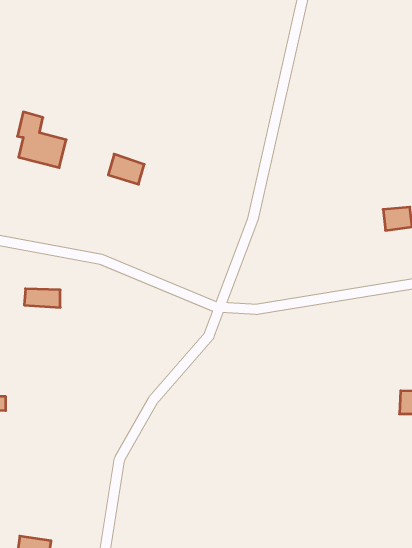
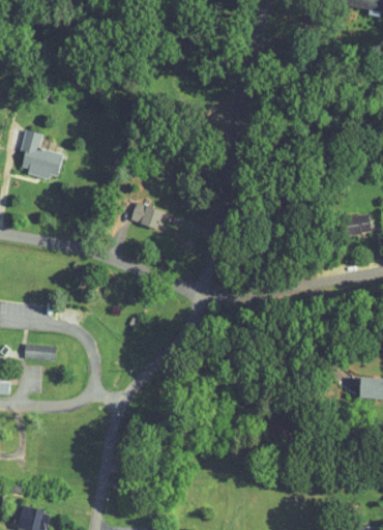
building: [108,154,144,184] -> [130,202,163,229]
building: [24,289,60,307] -> [24,345,56,361]

